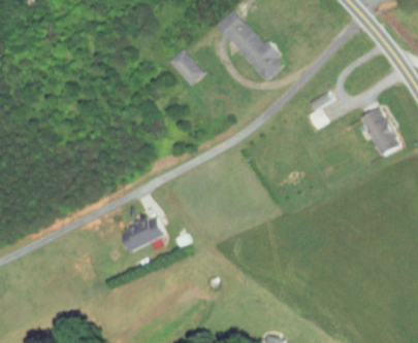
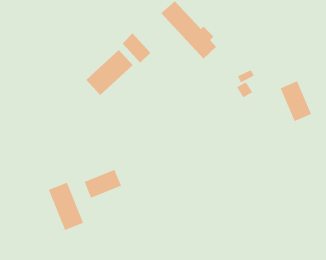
building: none -> [86,49,133,96]
building: none -> [48,182,84,231]

